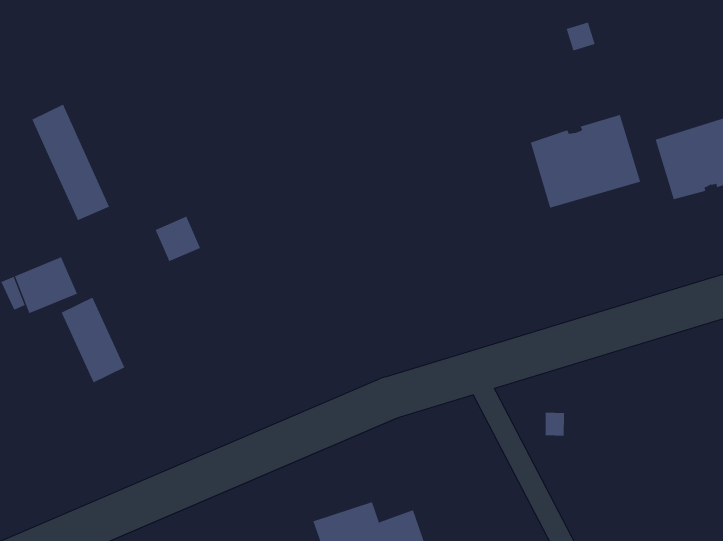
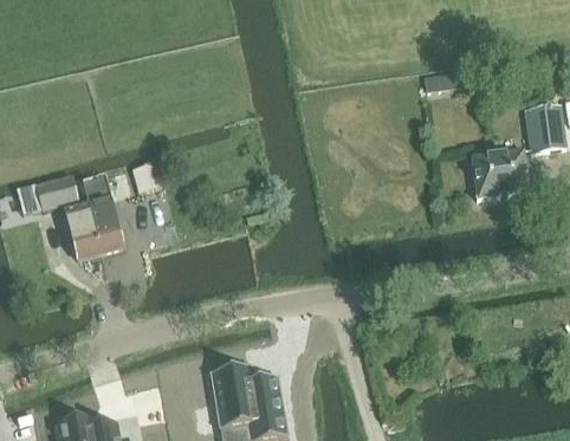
building: [32,104,110,221] -> [82,176,124,254]
building: [530,114,641,208] -> none

